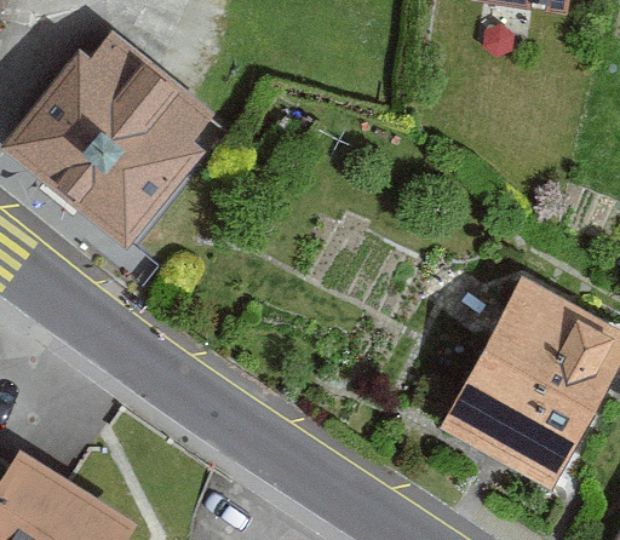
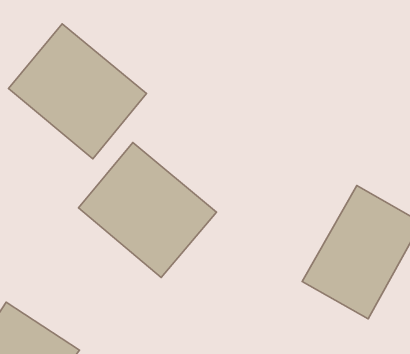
building: none -> [79,143,216,278]

